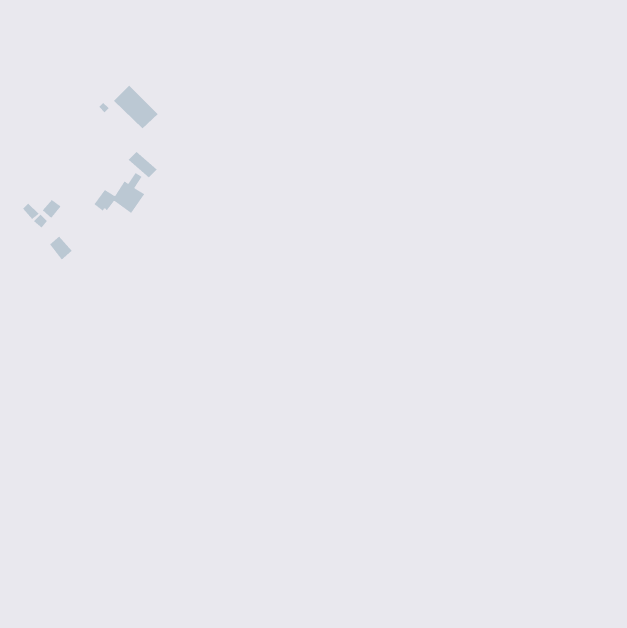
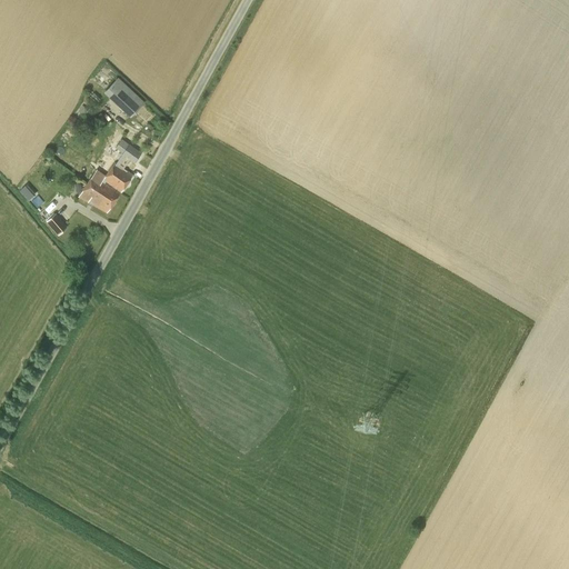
building: none -> [77,182,119,212]

